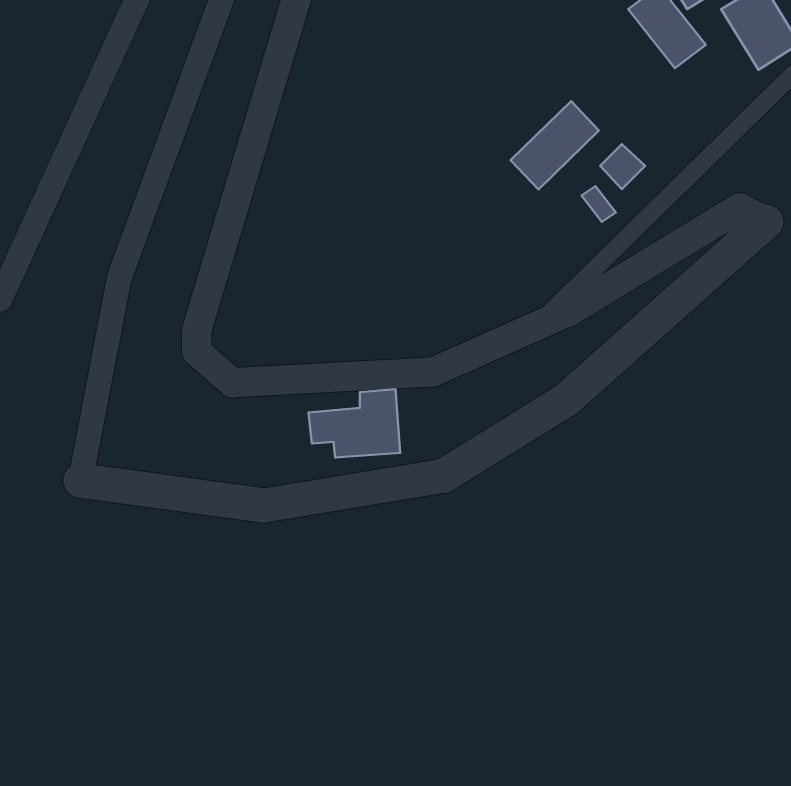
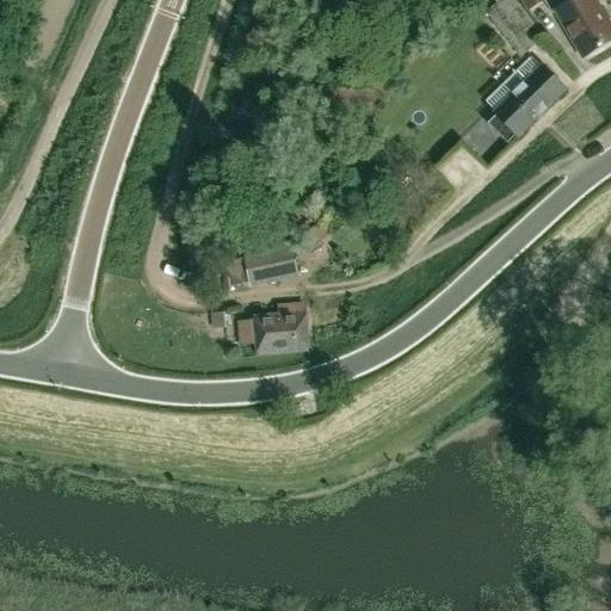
building: [511,101,599,190] -> [495,66,563,134]
building: none -> [221,246,298,283]

